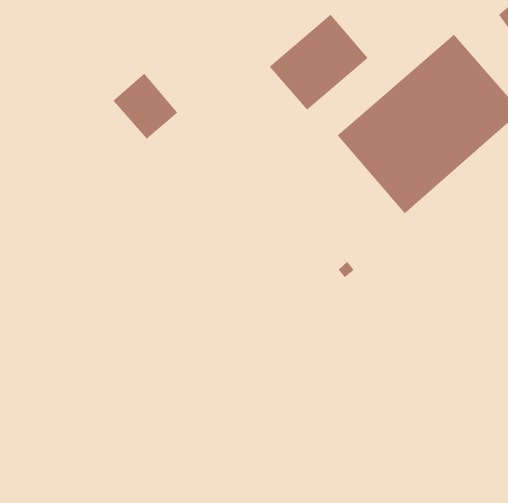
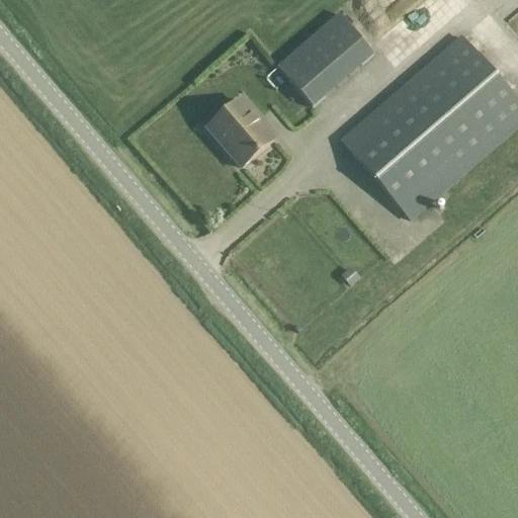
building: [113,73,178,140] -> [208,96,275,164]

